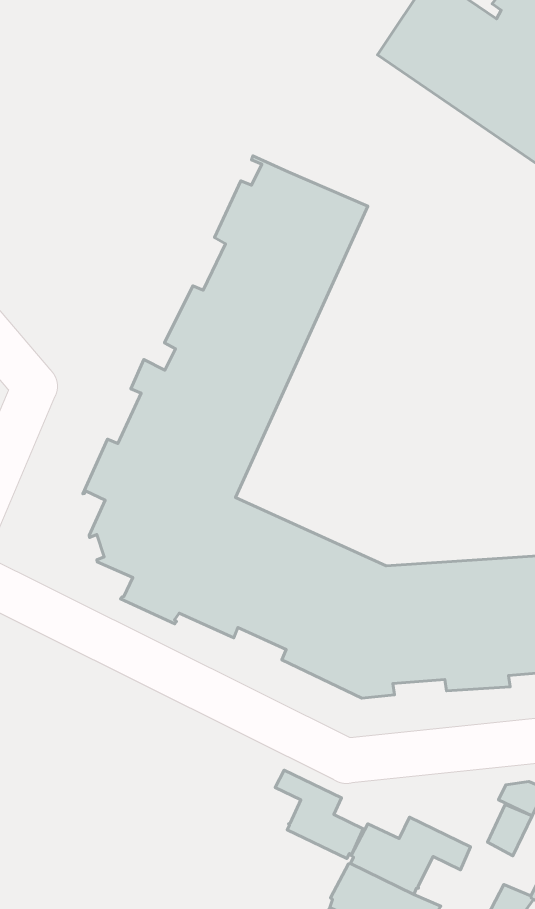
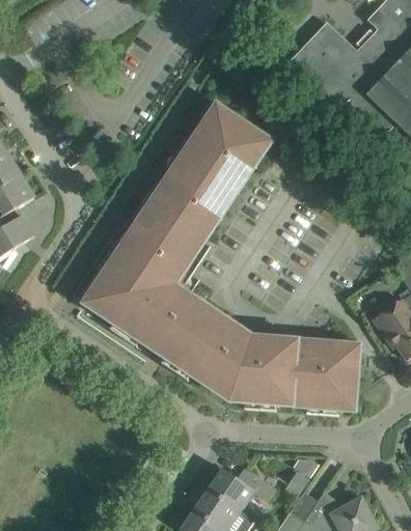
building: [275,770,363,858] -> none

